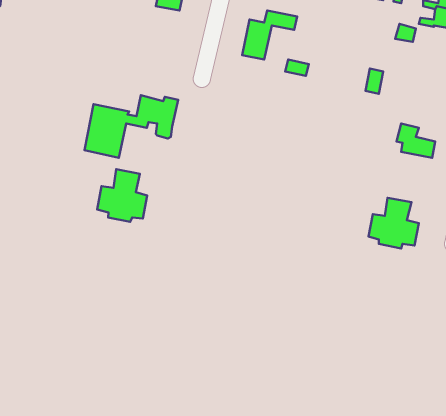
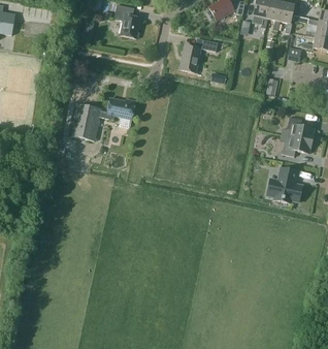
building: none -> [283,135,313,156]
building: [97,169,147,222] -> none

